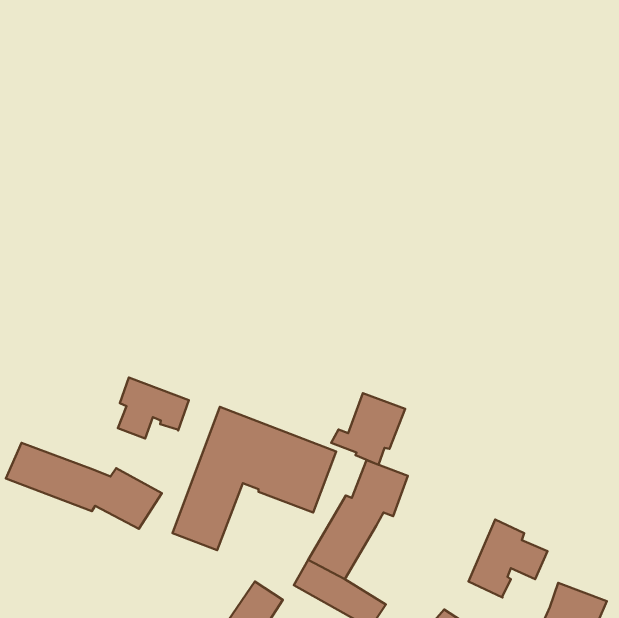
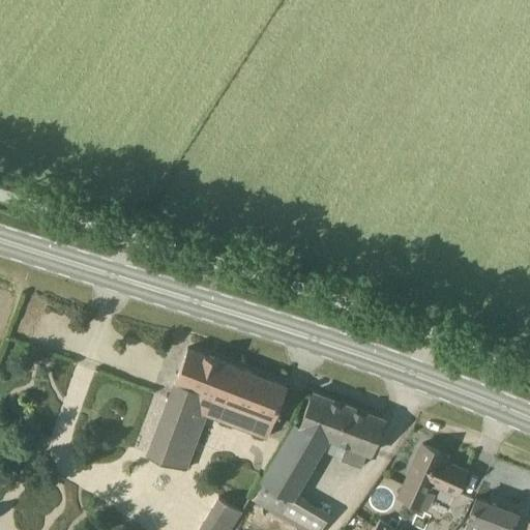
building: [118,377,189,438] -> none
building: [331,393,405,465] -> [322,408,385,469]
building: [6,443,162,529] -> none

